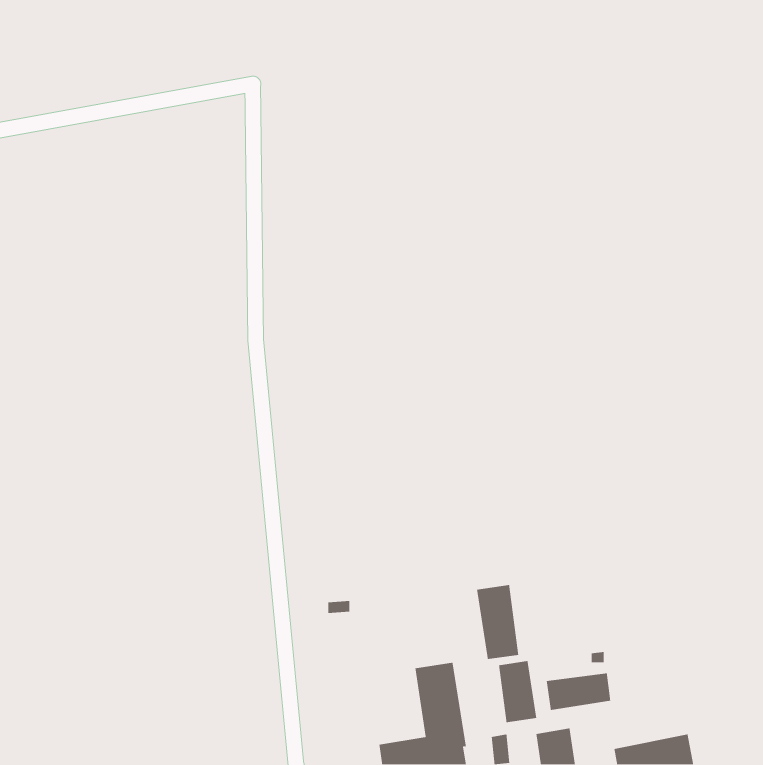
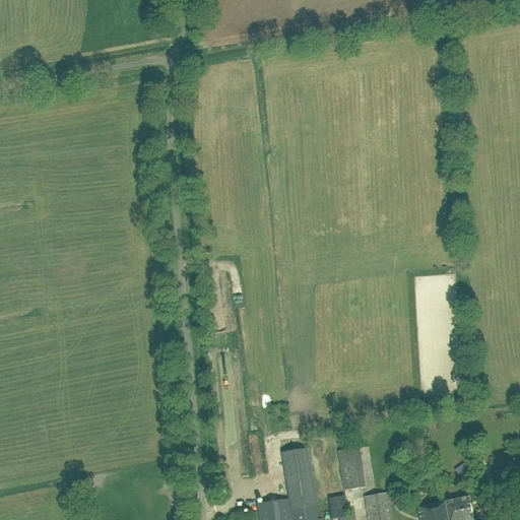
building: [476,584,519,660] -> none
building: [546,672,611,711] -> none

